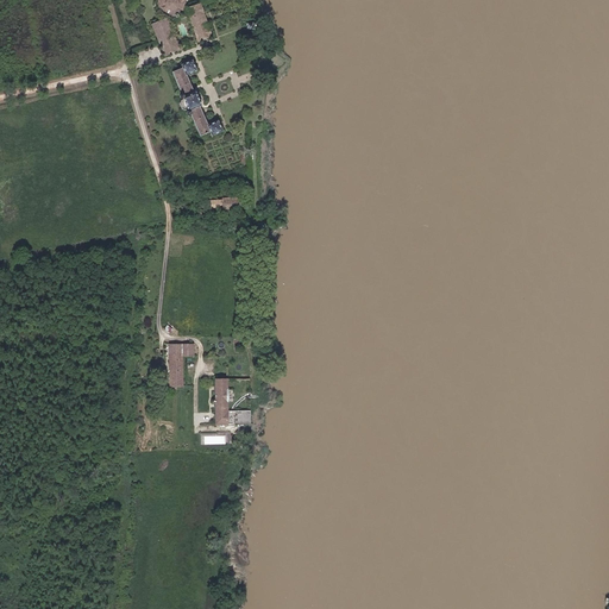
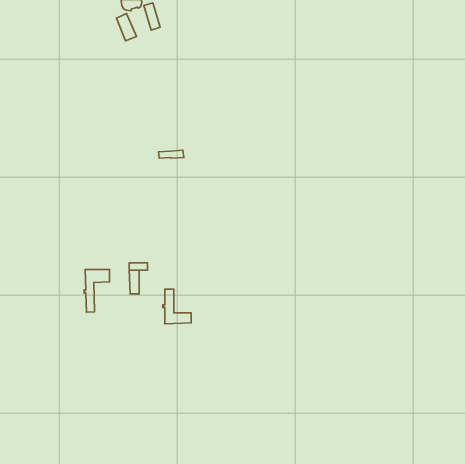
building: [172,58,222,134] -> none
building: none -> [84,270,110,312]

